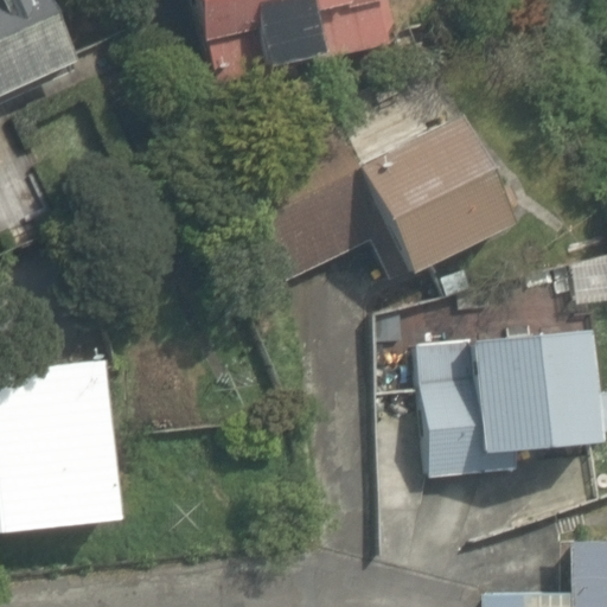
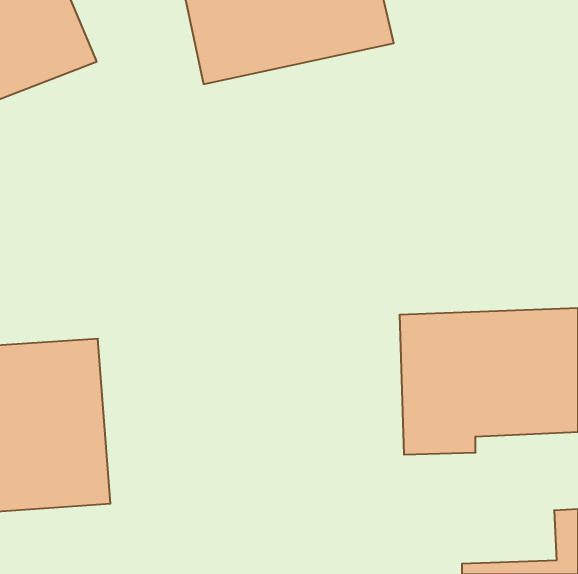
building: [268,110,524,280] -> none

